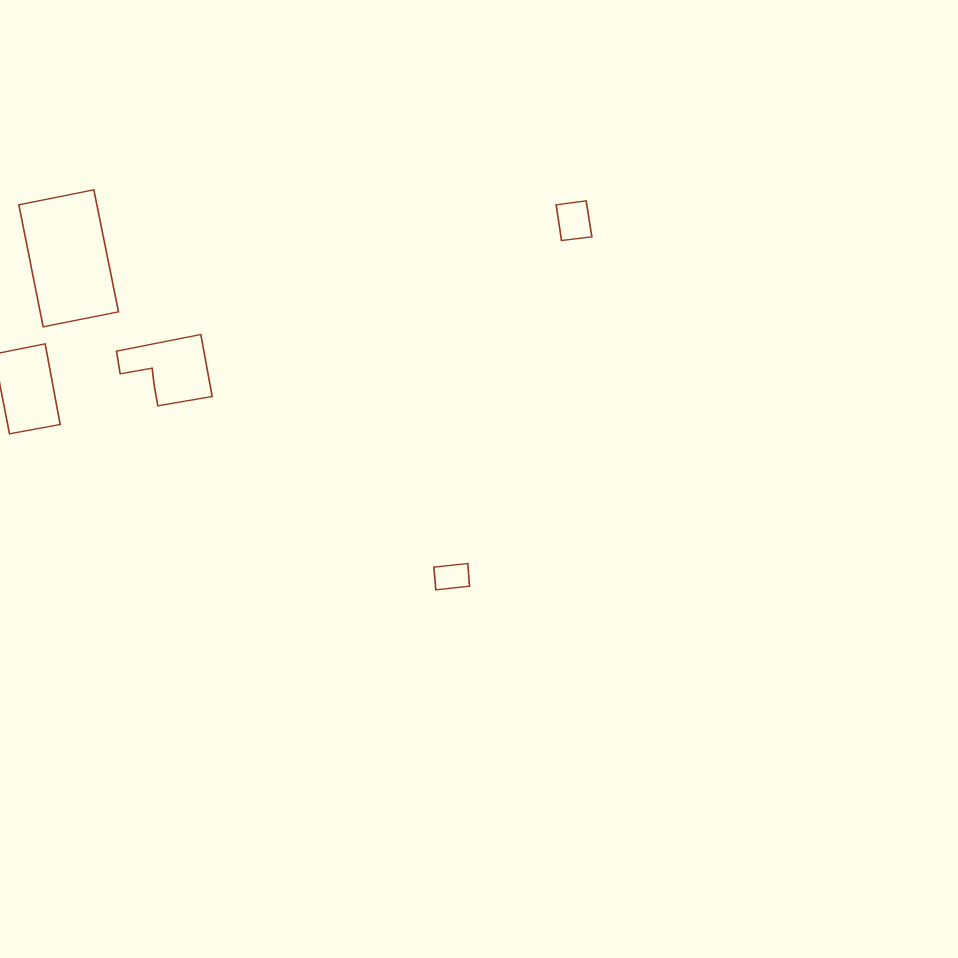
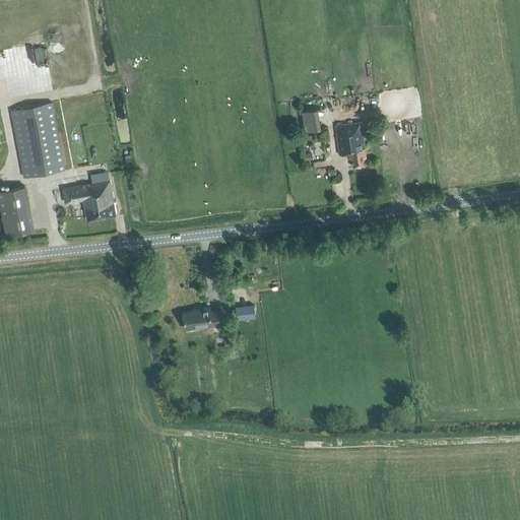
building: none -> [336,123,366,168]
building: none -> [182,308,223,329]

